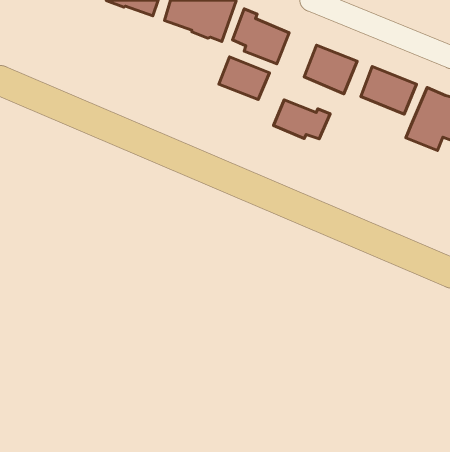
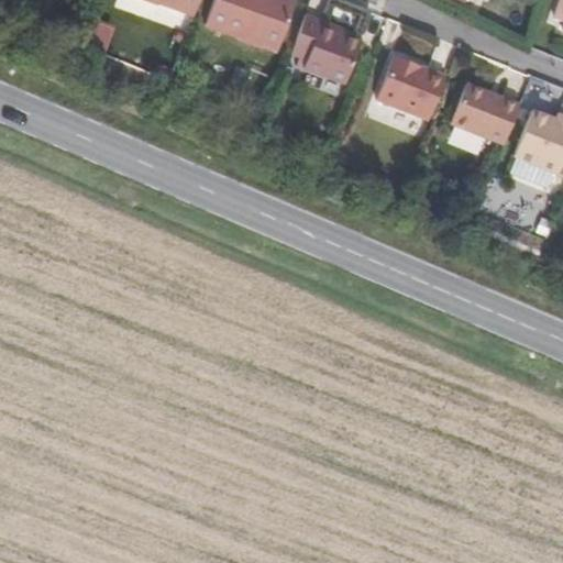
building: [219,57,269,100] -> none
building: [274,100,330,139] -> none

